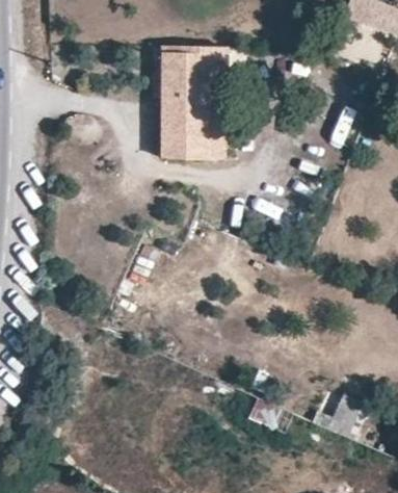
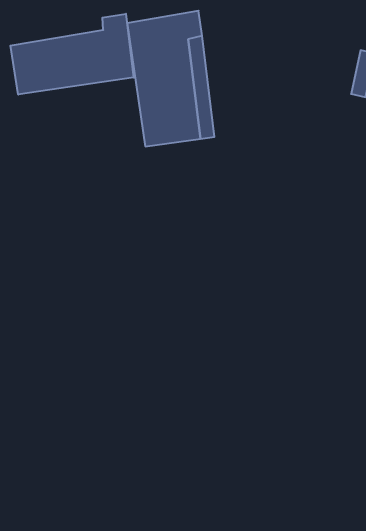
building: none -> [10,14,134,95]

